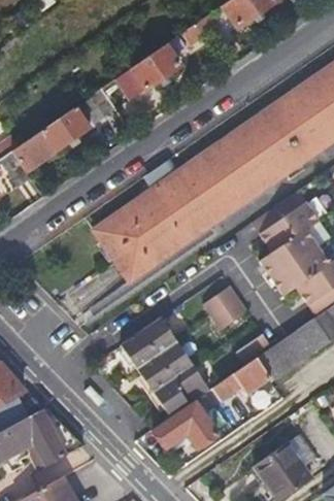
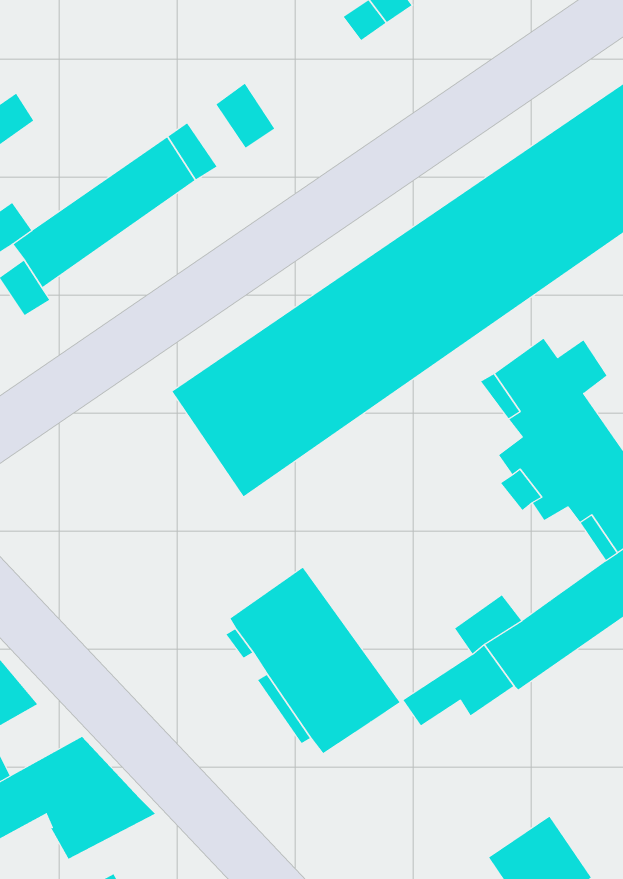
building: [130,45,179,92] -> none
building: [205,287,247,329] -> none
building: [153,399,219,449] -> none

